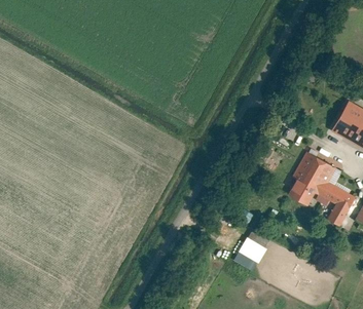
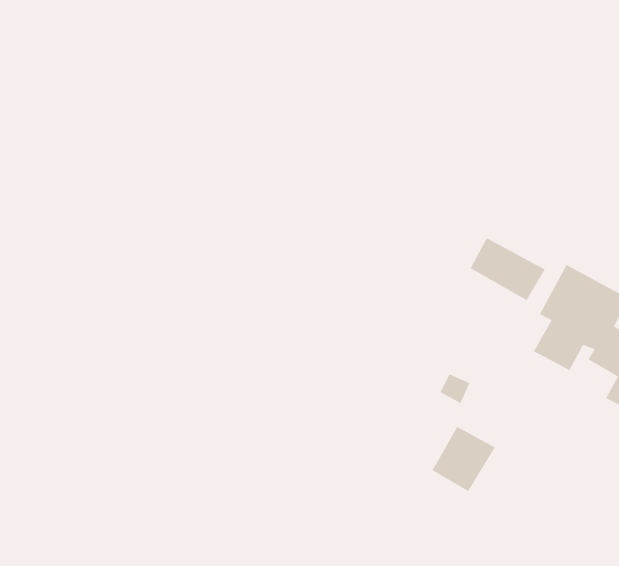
building: none -> [469,237,546,301]

